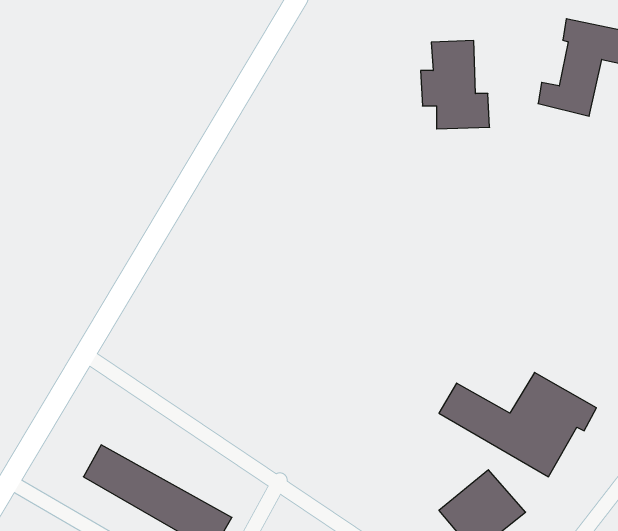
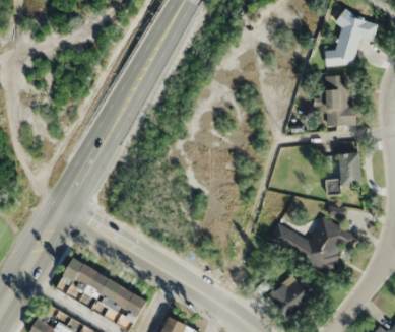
building: [421,41,490,129] -> [317,75,356,126]
building: none -> [341,152,363,186]

